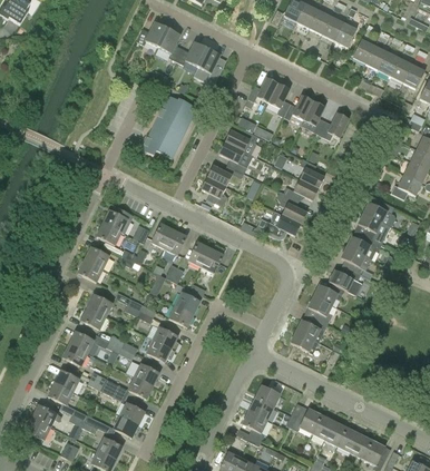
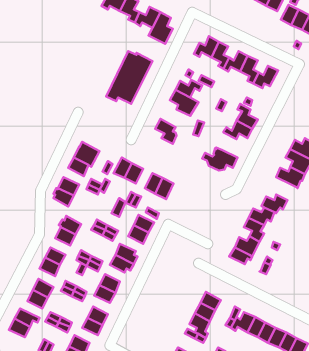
building: [207,165,243,186] -> none
building: [276,190,306,223] -> none
building: [341,246,371,274] -> none

